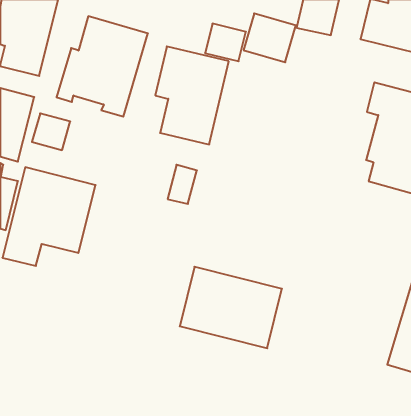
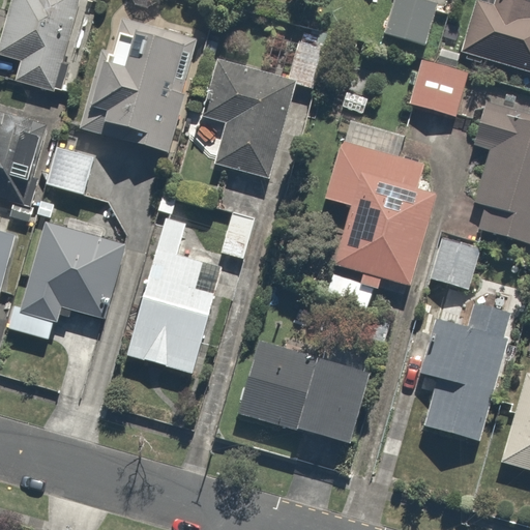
building: [244,13,296,62] -> [409,57,475,119]
building: none -> [327,141,435,289]
building: none -> [124,217,231,377]
building: none -> [430,235,484,292]
building: none -> [420,288,512,443]

